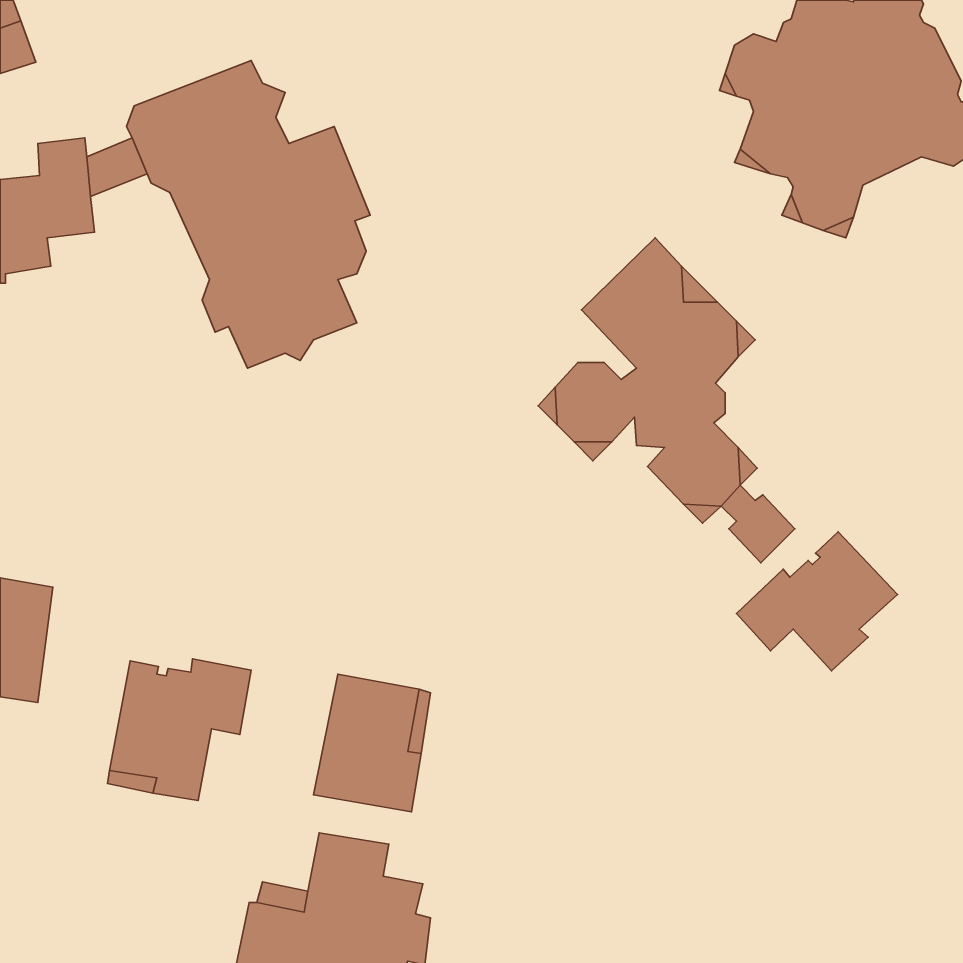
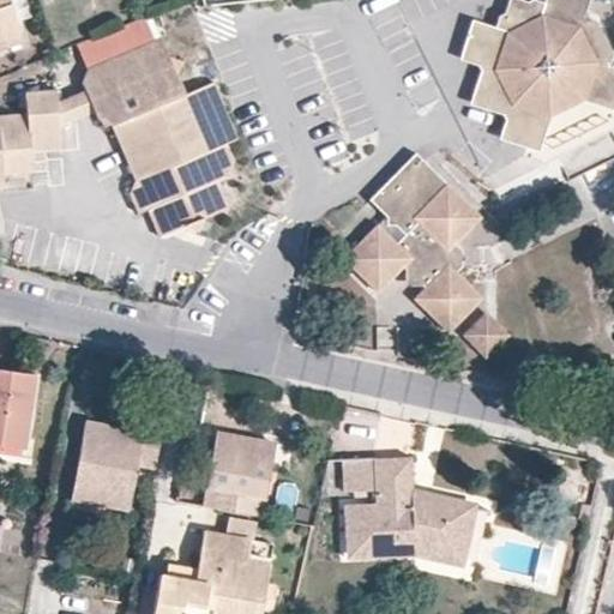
building: none -> [76,16,161,68]
building: [737,532,897,671] -> none
building: none -> [343,457,475,566]

